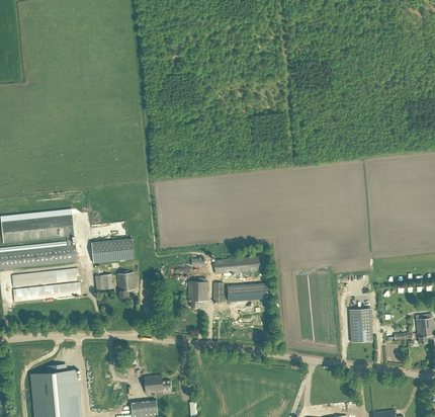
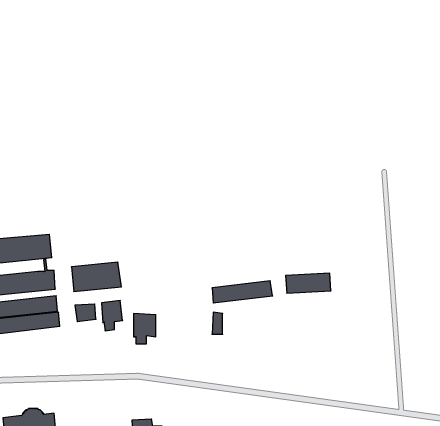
building: [188,280,207,307] -> [134,314,156,344]
building: [228,283,267,301] -> [286,273,331,293]
building: [349,308,372,342] -> none

